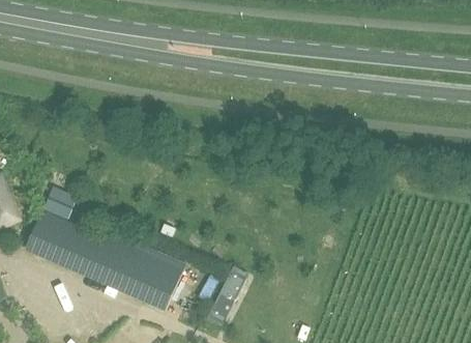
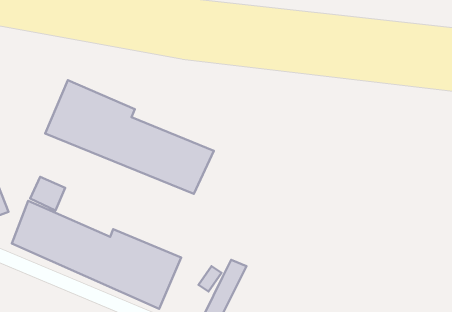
building: none -> [45,80,214,194]

